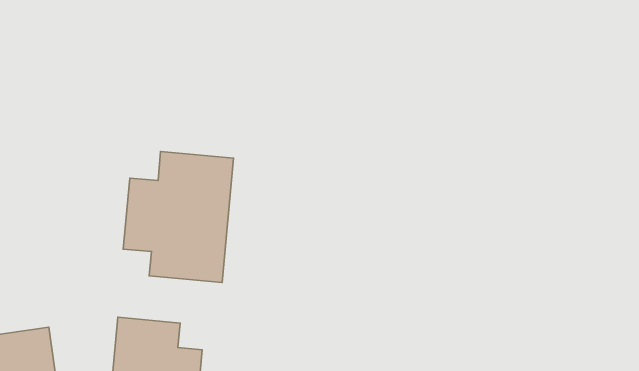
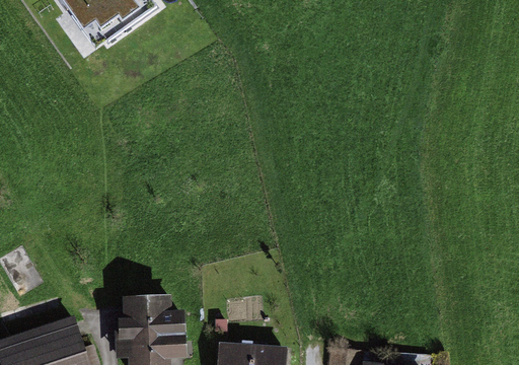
building: [123,152,233,282] -> none

